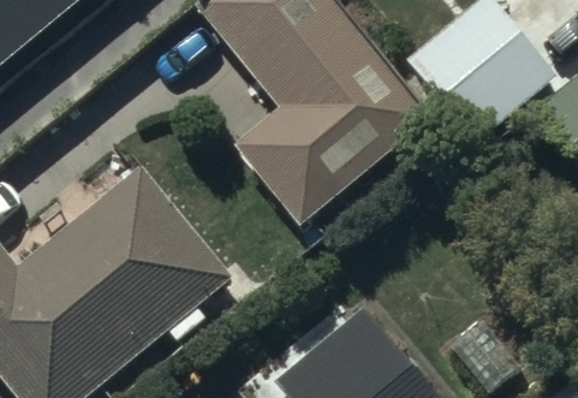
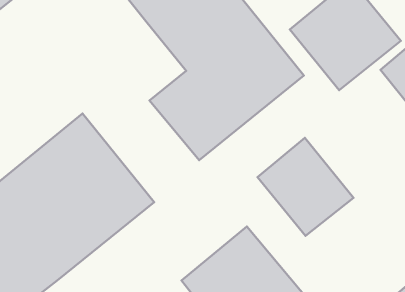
building: none -> [258,138,353,236]

